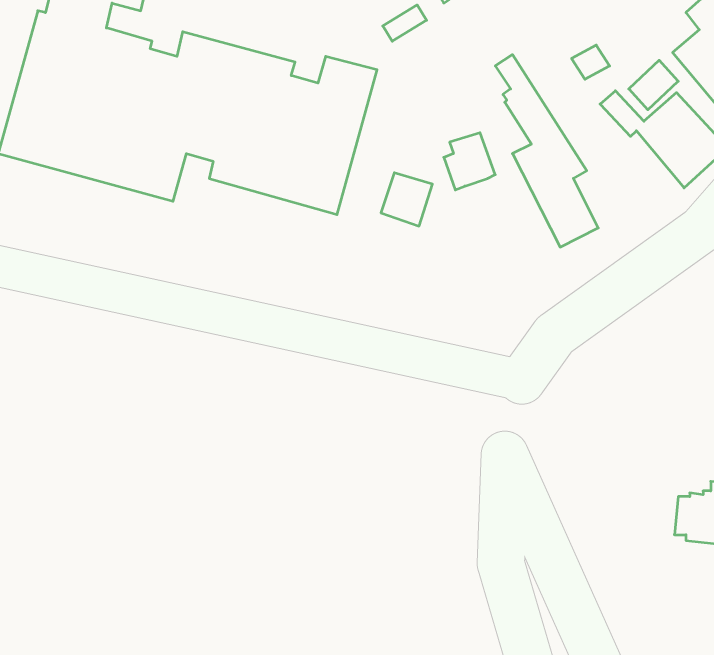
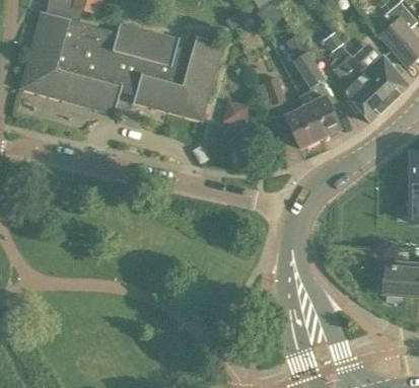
building: none -> [329,56,386,121]
building: none -> [282,87,320,147]

